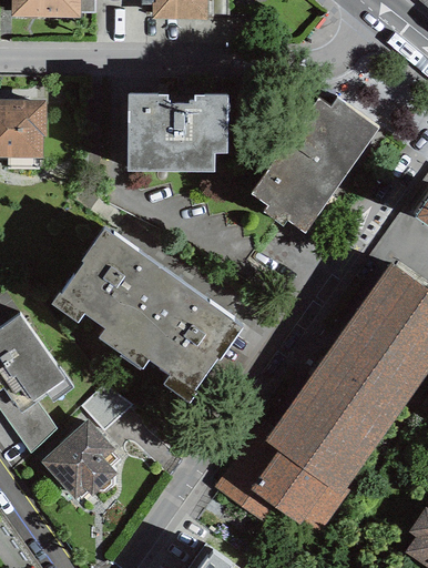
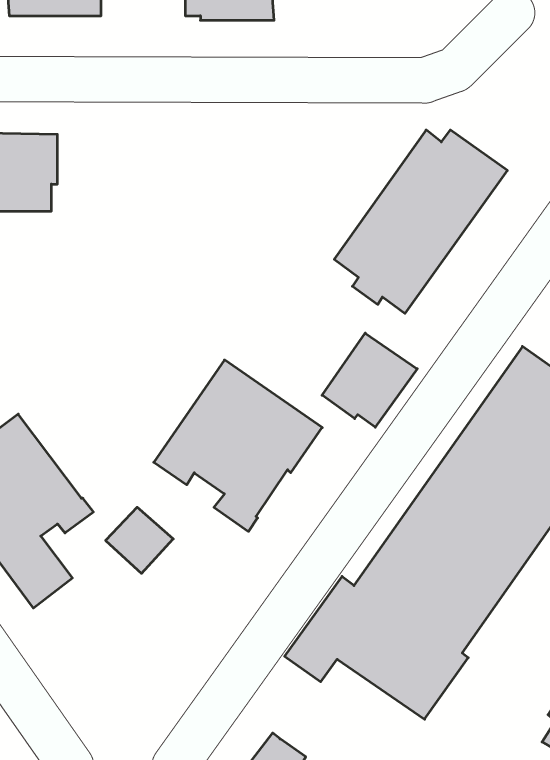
building: [128,98,228,176] -> none
building: [51,223,171,346] -> none
building: none -> [322,333,417,427]
building: [40,419,118,501] -> none

